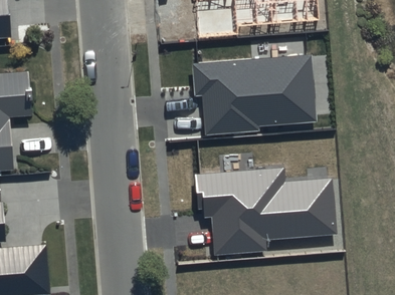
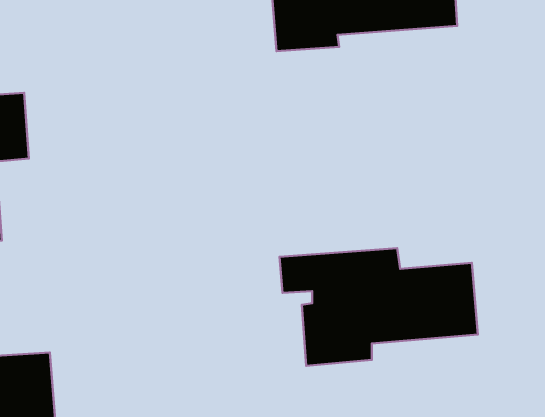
building: [191,55,314,134] -> none

